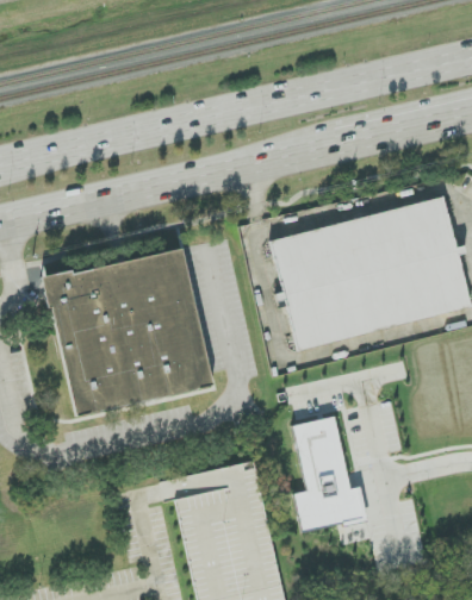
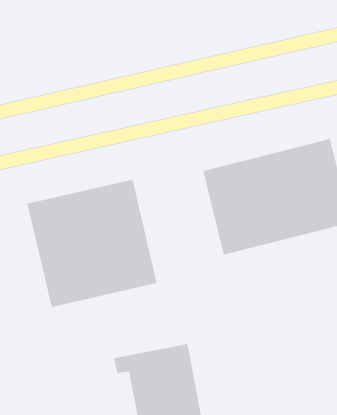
building: [292,419,365,535] -> none

